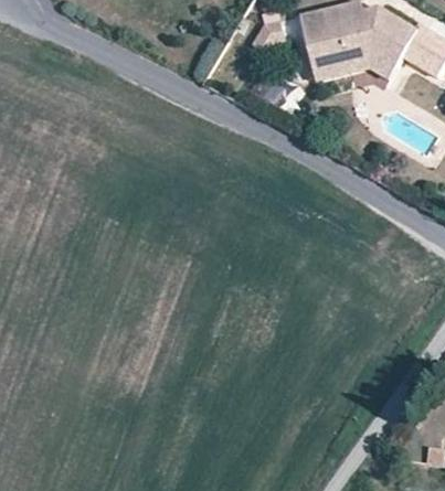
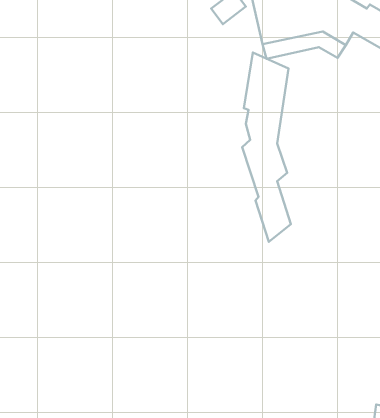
building: none -> [242,53,291,242]

